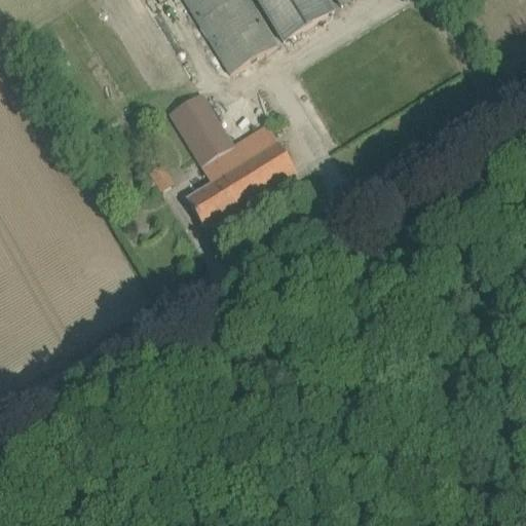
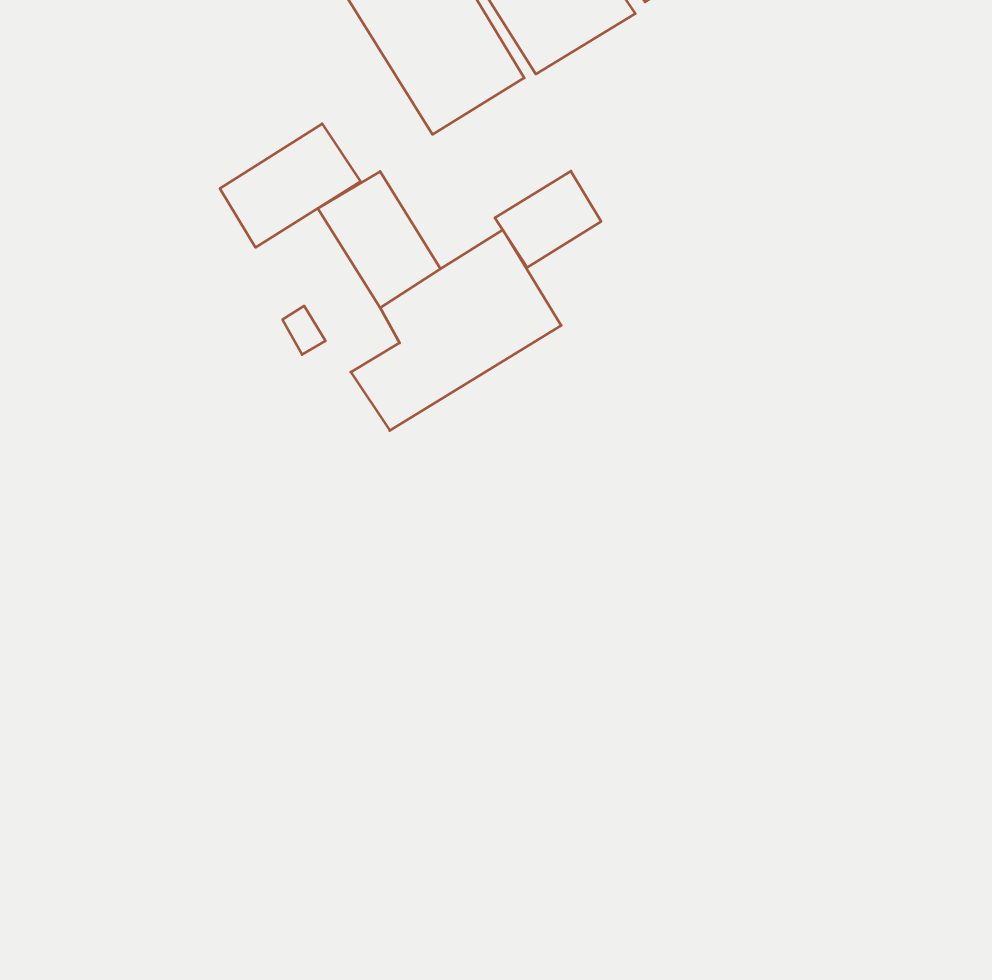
building: none -> [220,124,361,247]
building: none -> [495,171,601,267]

